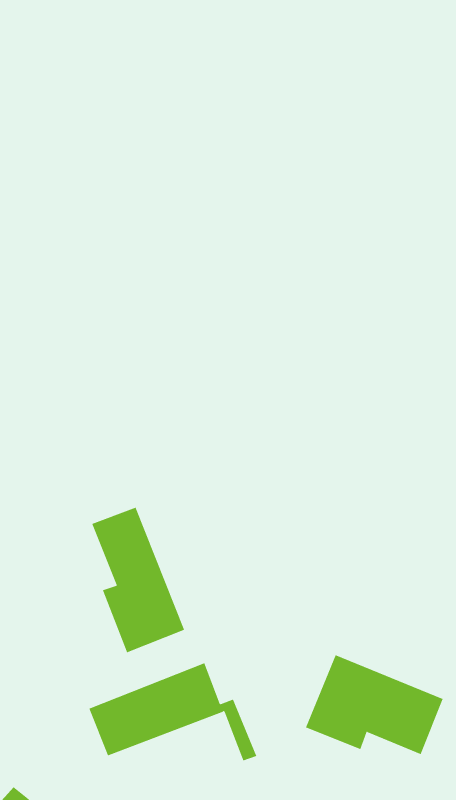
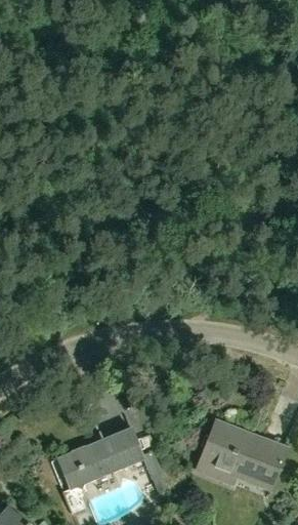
building: [92,507,185,653] -> none

